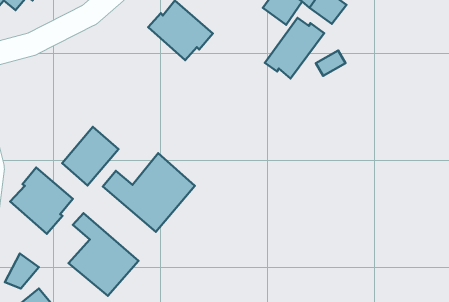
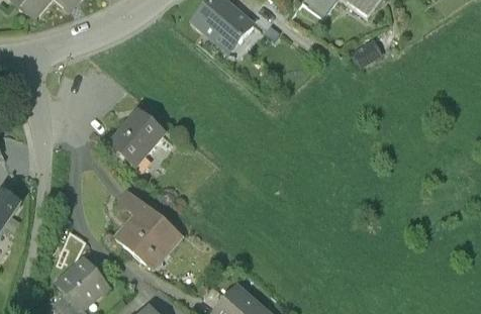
building: [265,18,324,79] -> none
building: [103,153,195,232] -> none
building: [10,168,73,234] -> none

